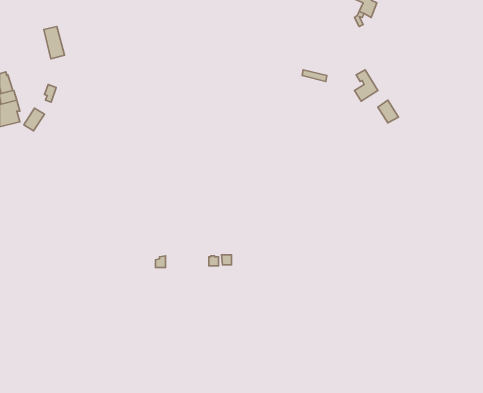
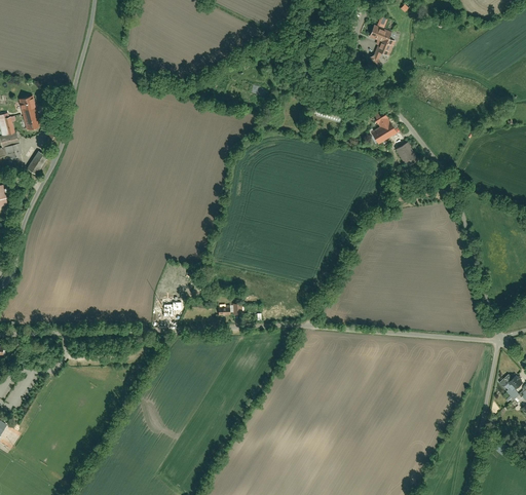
building: [44,26,65,59] -> [18,97,40,130]

